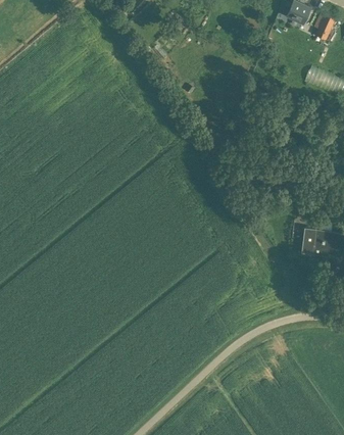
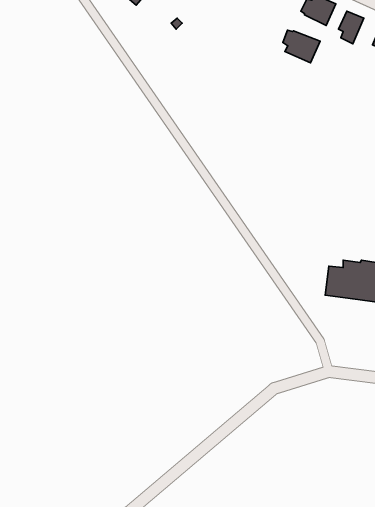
building: none -> [283,30,320,63]

